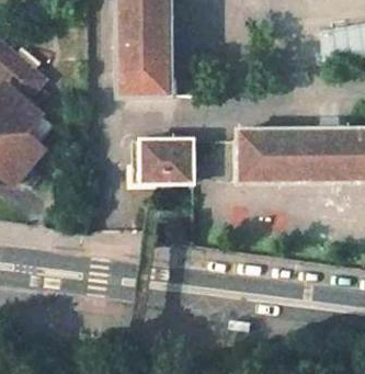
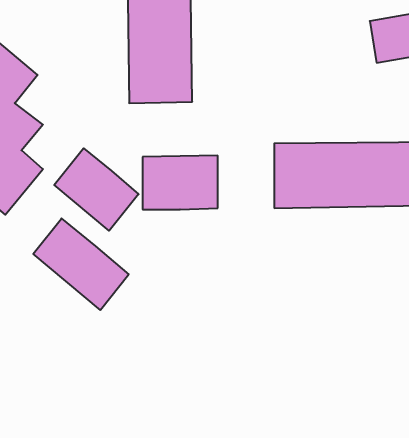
building: none -> [54,148,139,231]
building: none -> [33,218,129,310]

